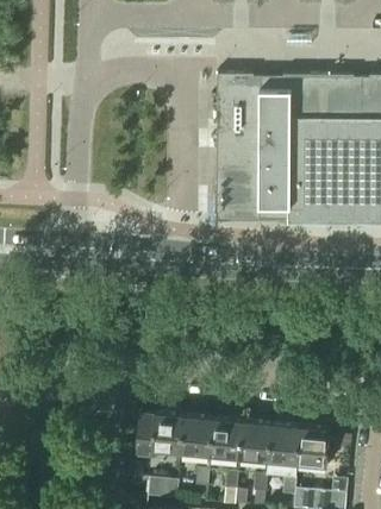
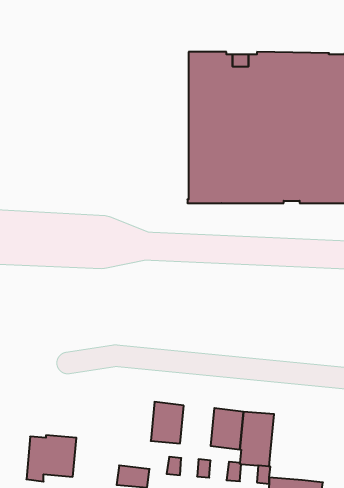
building: [135,414,183,459] -> [26,435,76,482]
building: [208,420,242,459] -> none
building: [296,428,329,467] -> none

